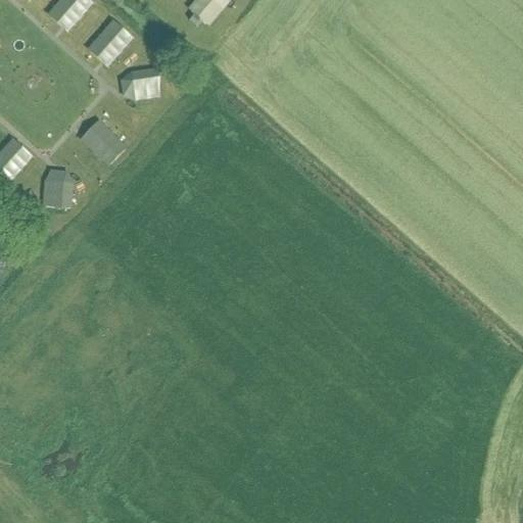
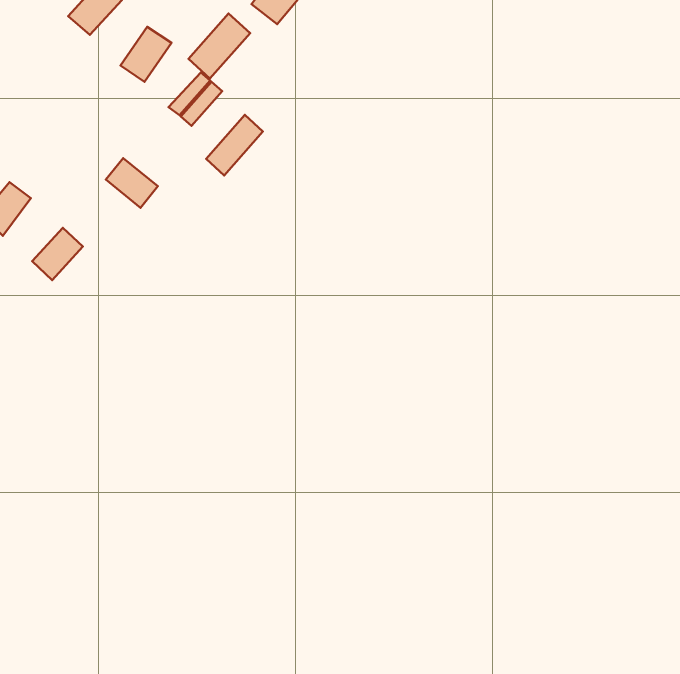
building: none -> [189,13,250,78]
building: none -> [206,115,263,175]

